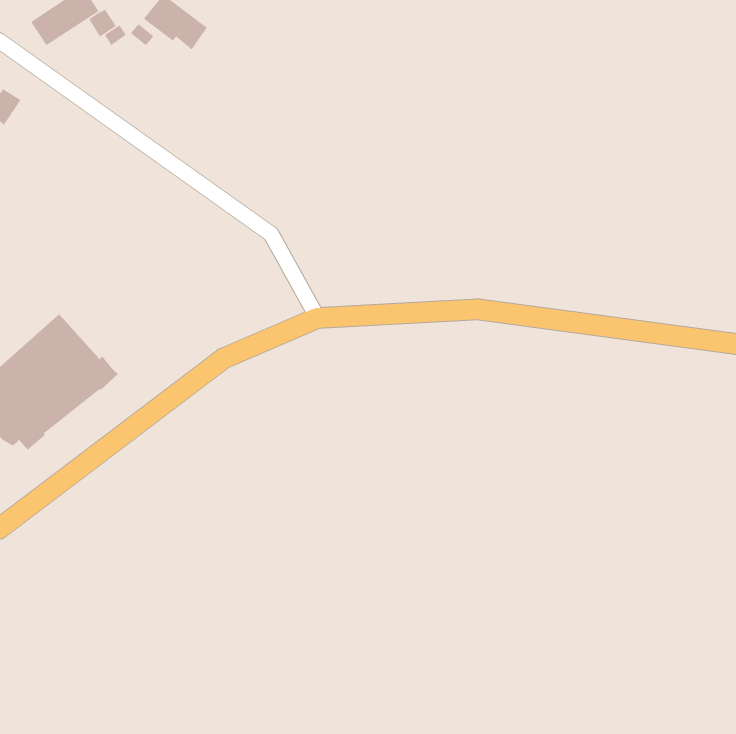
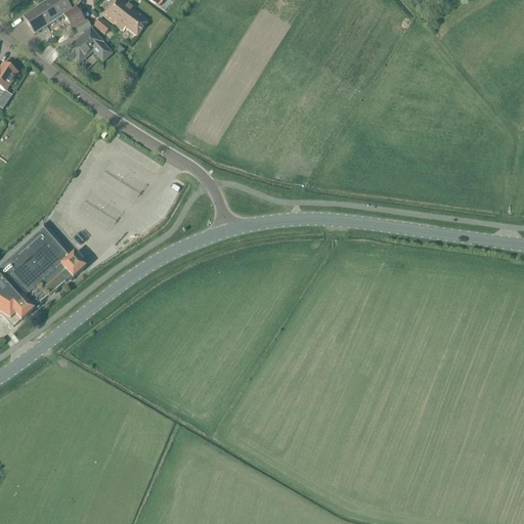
building: none -> [66,28,110,61]

